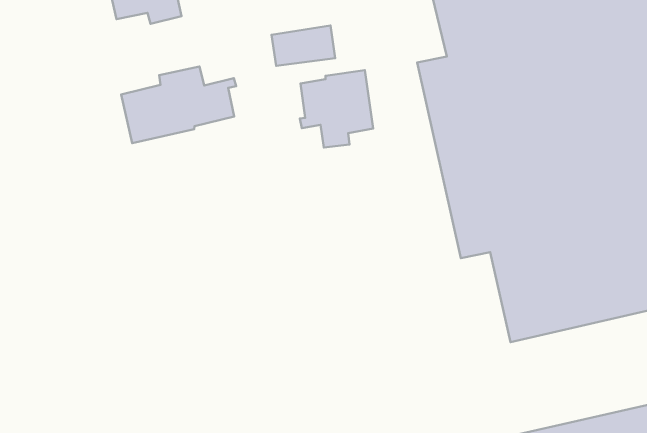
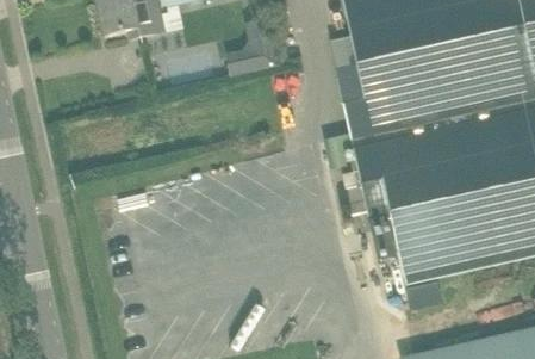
building: [121,67,236,143] -> none
building: [300,70,373,148] -> none

